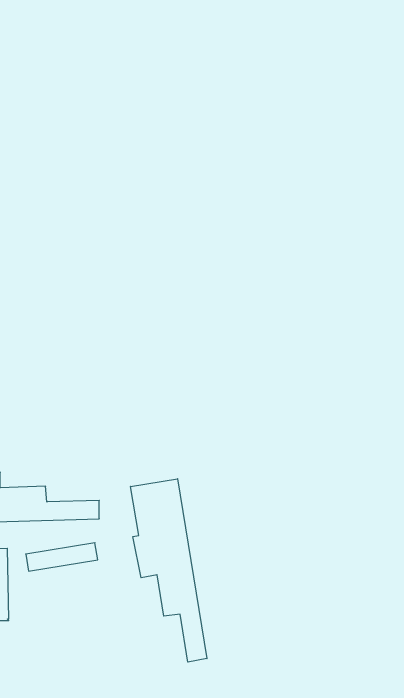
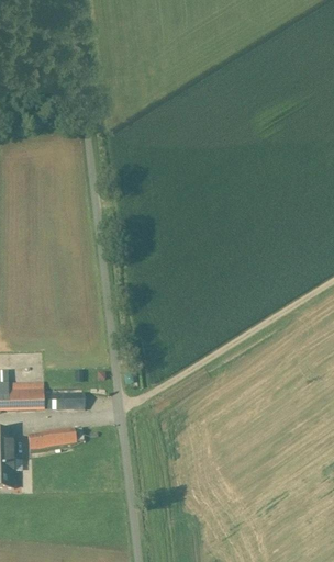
building: [131,479,207,662] -> none

